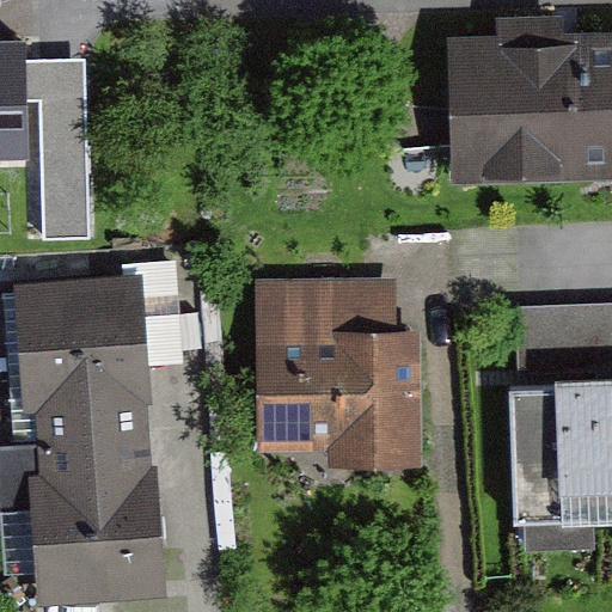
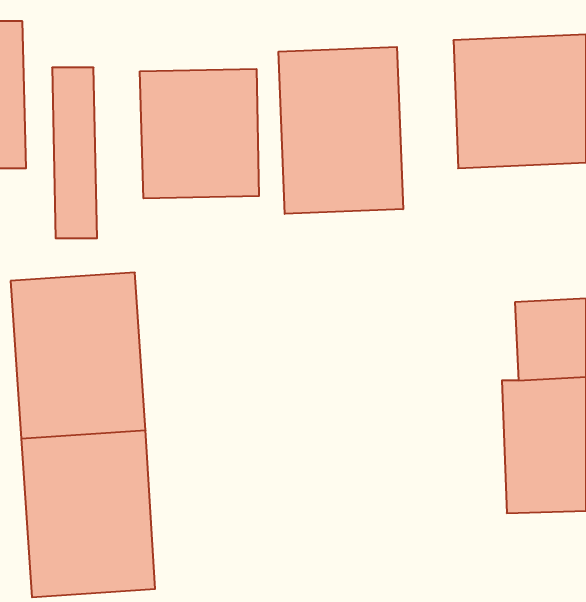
building: none -> [279,47,403,214]
building: none -> [140,69,259,198]
building: [257,279,423,463] -> none

